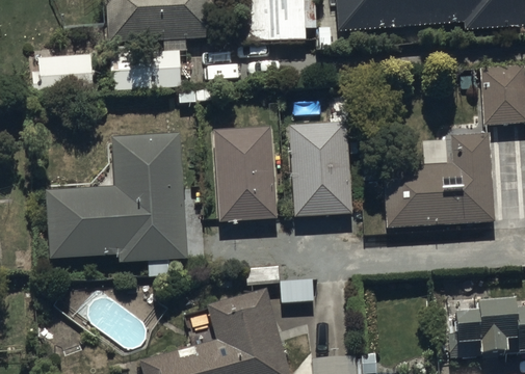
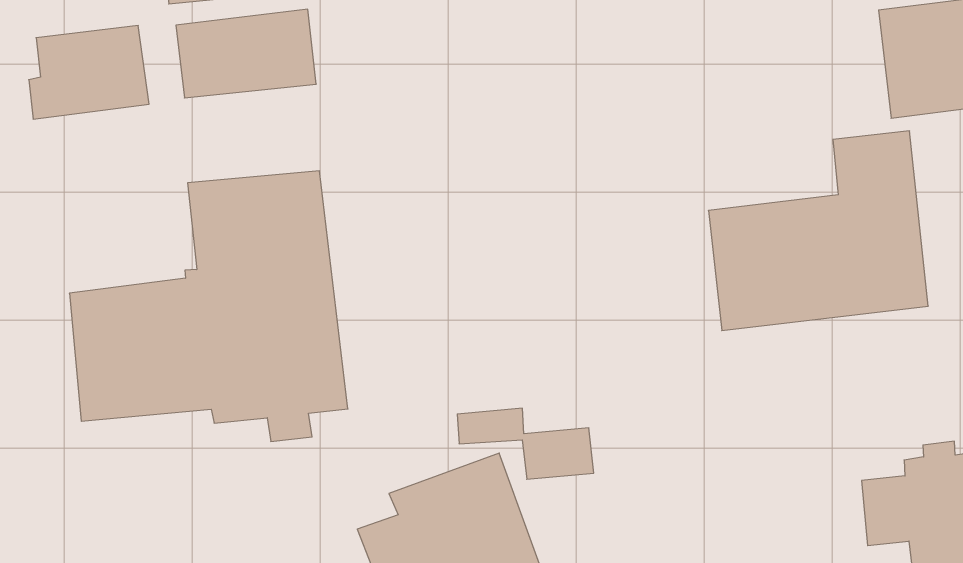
building: [210,121,279,220] -> none
building: [288,121,353,216] -> none

